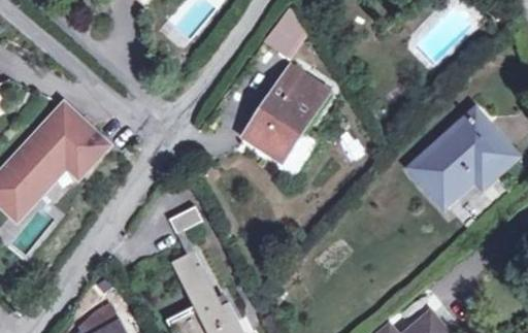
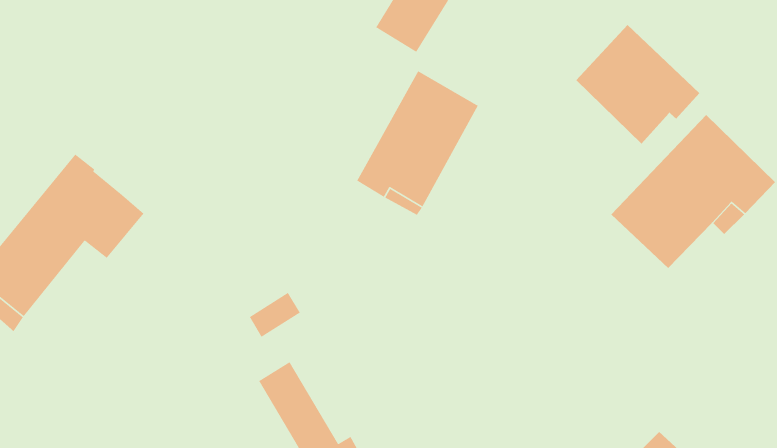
building: none -> [575,24,700,144]

